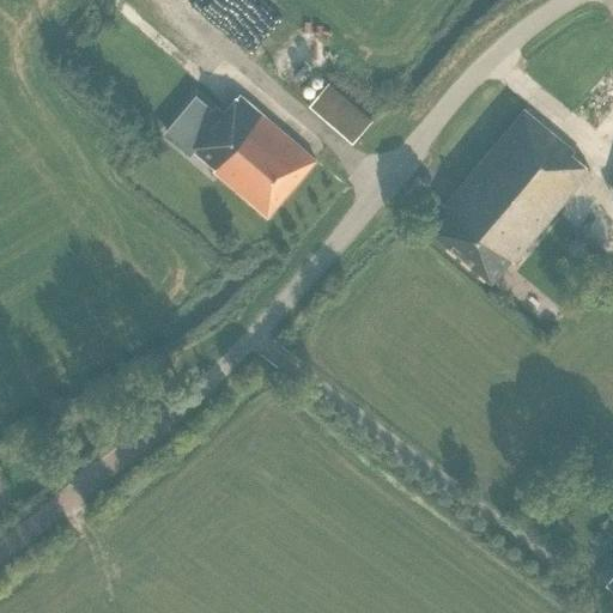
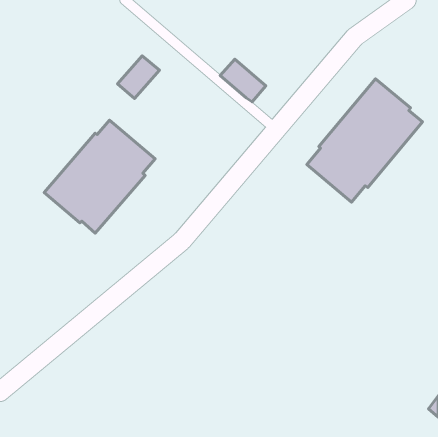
building: [193,96,316,218] -> none
building: none -> [44,120,155,233]

